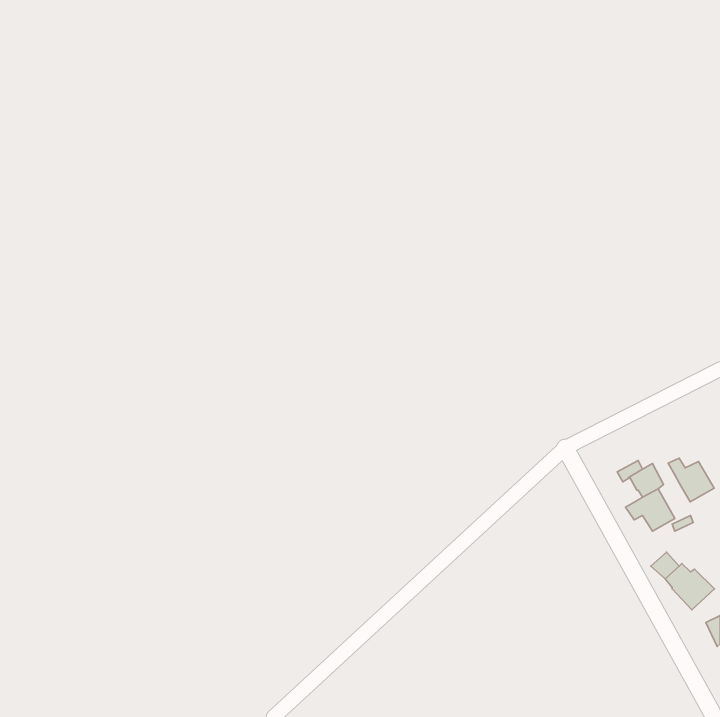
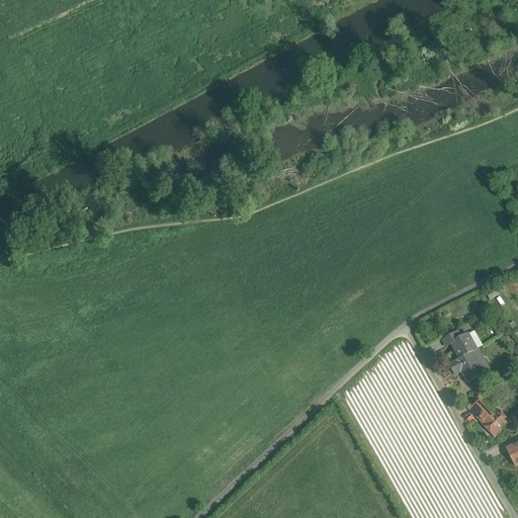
building: [668,458,714,502] -> none

